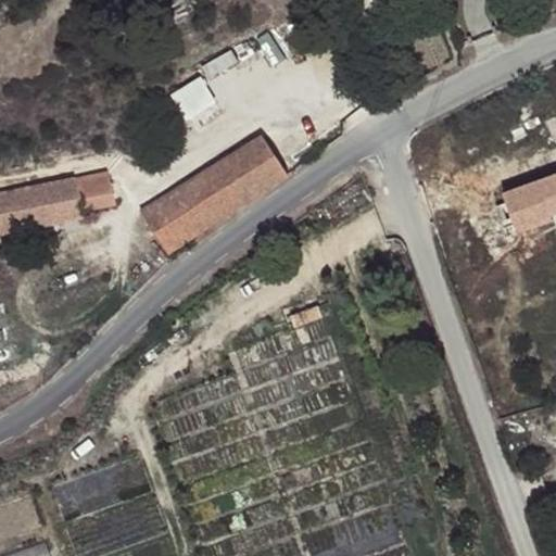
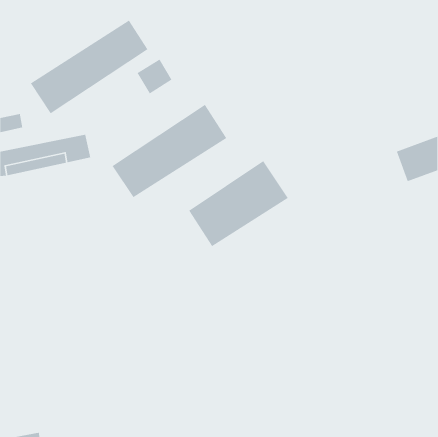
building: none -> [30,19,148,115]
building: none -> [188,160,289,247]

